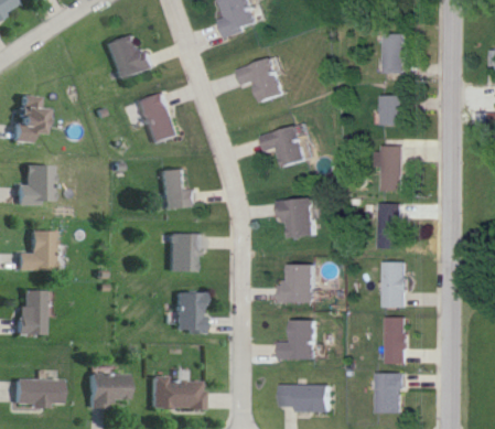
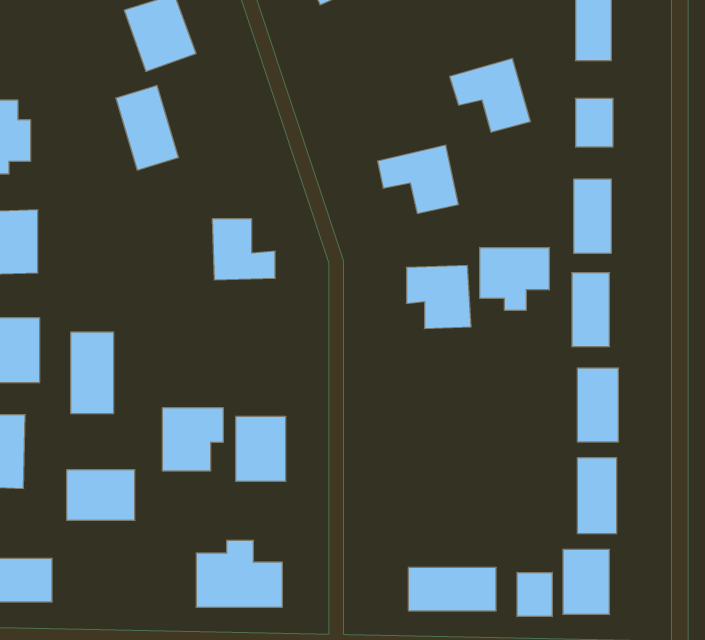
building: [235,57,284,103] -> [450,59,531,132]
building: [137,93,175,144] -> [116,86,179,170]
building: none -> [480,247,549,310]
building: [164,233,202,271] -> [162,408,223,471]
building: none -> [71,332,114,414]
building: [283,264,316,302] -> none
building: [279,319,319,358] -> none
building: [86,373,128,404] -> [67,470,135,520]
building: none -> [517,572,552,617]

